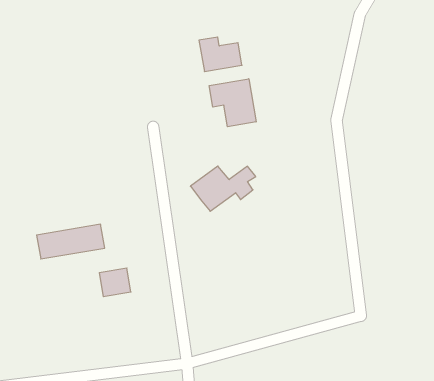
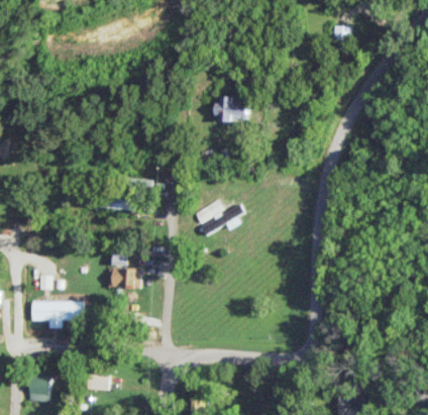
building: [209,79,256,127] -> none
building: [37,224,105,259] -> [31,300,83,319]

